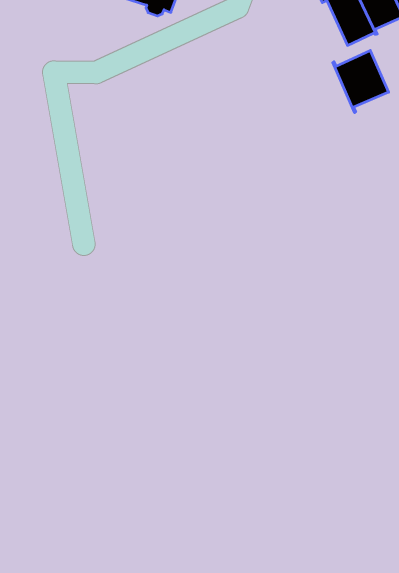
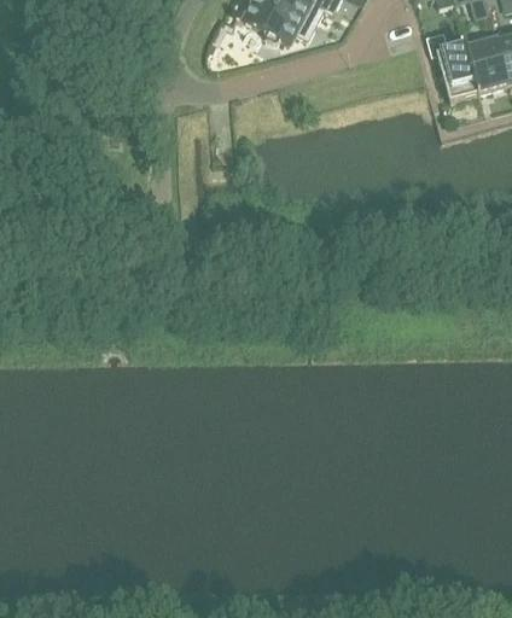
building: [333,50,389,113] -> none

